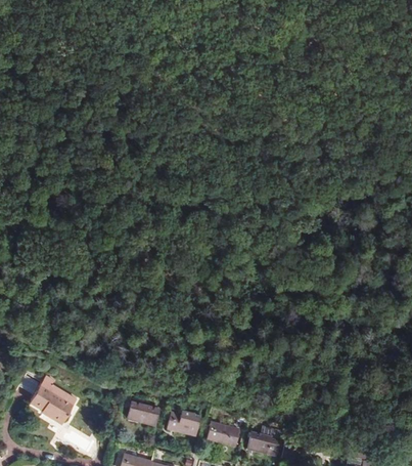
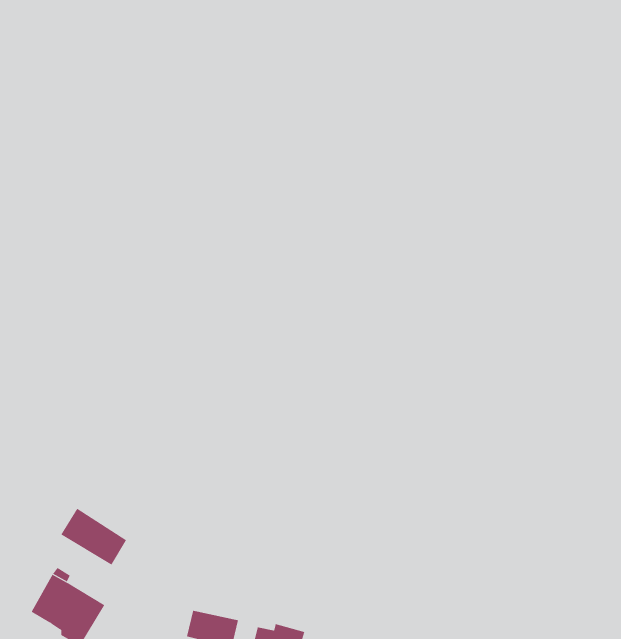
building: none -> [60,508,127,565]

